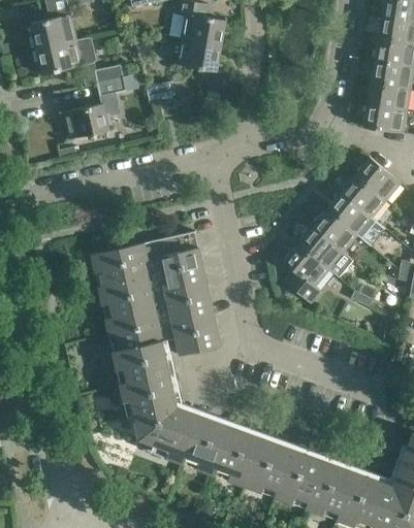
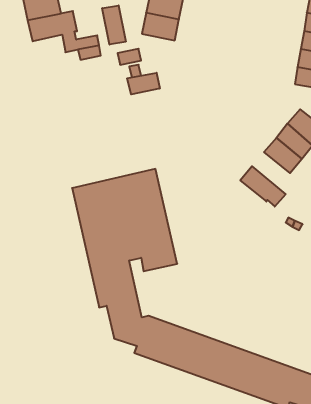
building: none -> [102,5,126,45]
building: [62,103,107,137] -> none
building: none -> [127,73,160,94]
building: [311,209,357,261] -> none
building: [284,244,328,301] -> none

